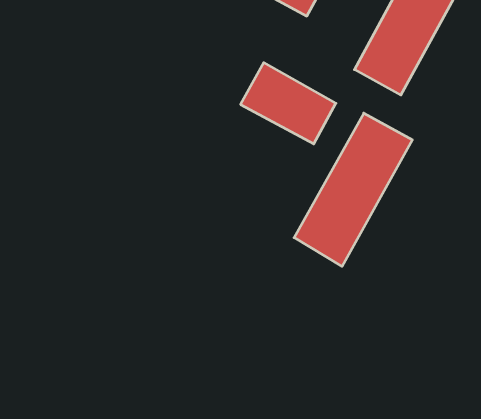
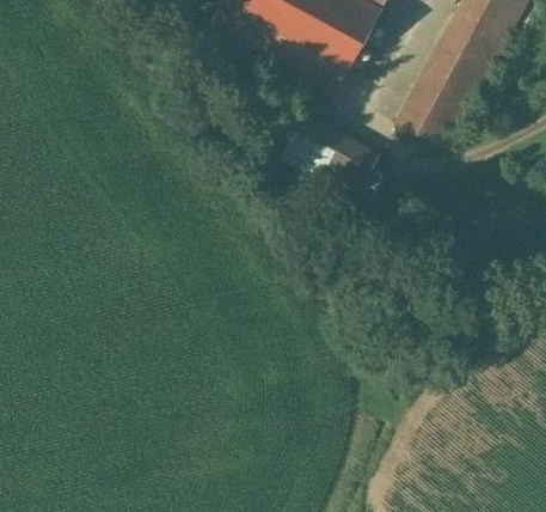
building: [294,113,412,266] -> none

